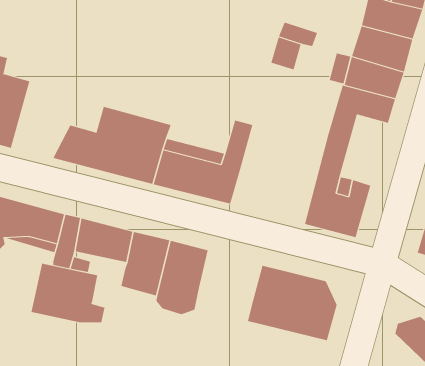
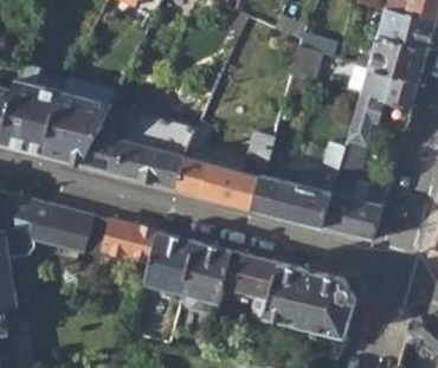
building: none -> [41,91,110,164]
building: none -> [251,137,343,227]
building: none -> [221,252,281,301]
building: [31,263,105,323] -> none

